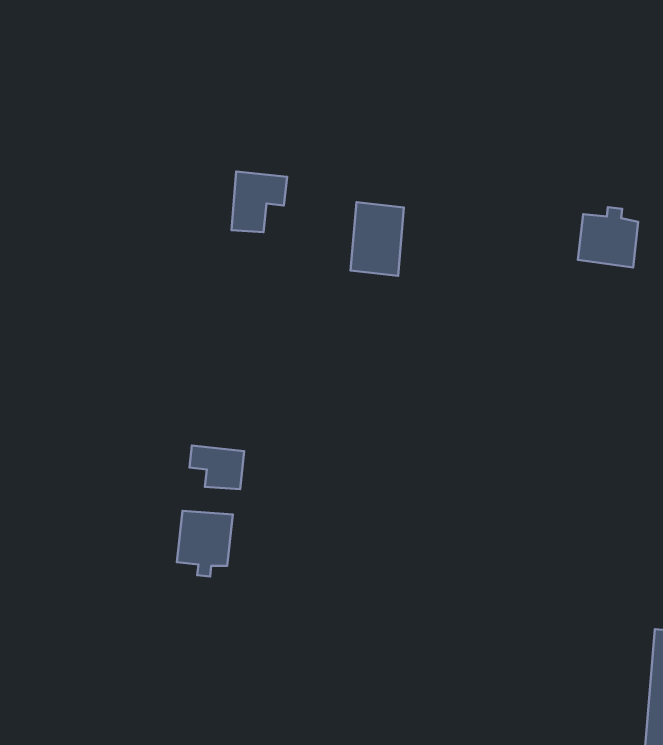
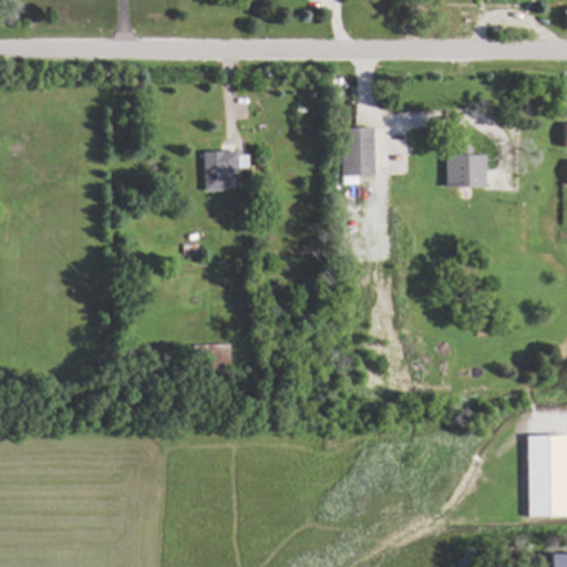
building: [351,202,404,276] -> [342,127,377,175]
building: [177,511,233,576] -> none

